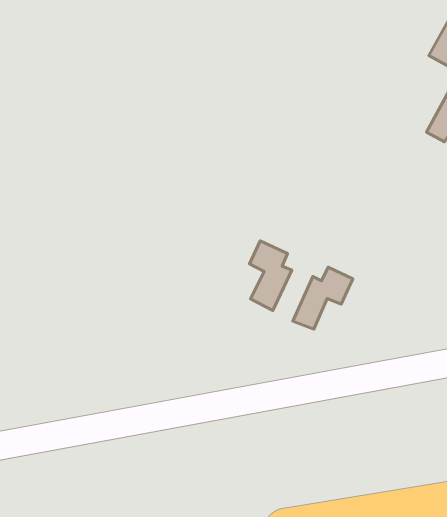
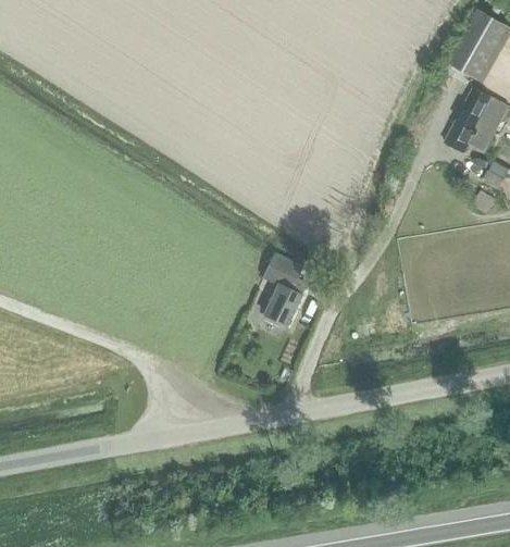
building: [293,267,353,329] -> none

